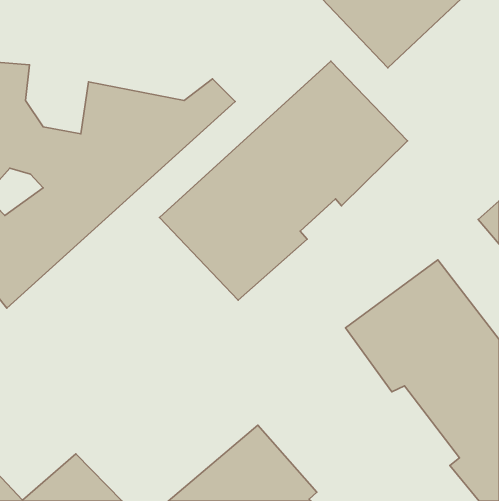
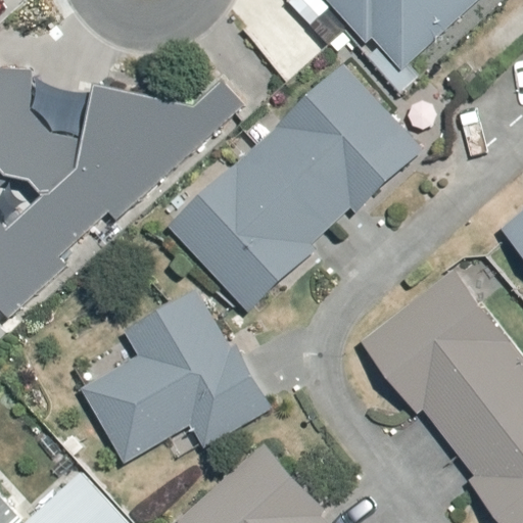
building: none -> [84,288,267,464]

